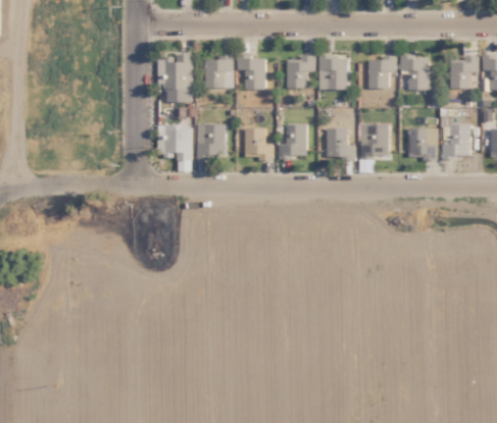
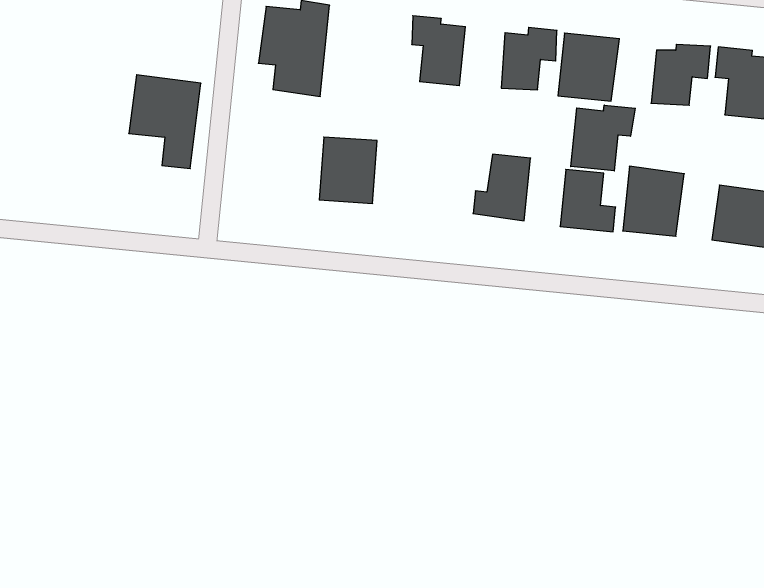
building: [205,57,234,88] -> none
building: none -> [571,105,635,171]
building: [157,124,193,171] -> [129,75,201,169]
building: [244,127,274,160] -> none

